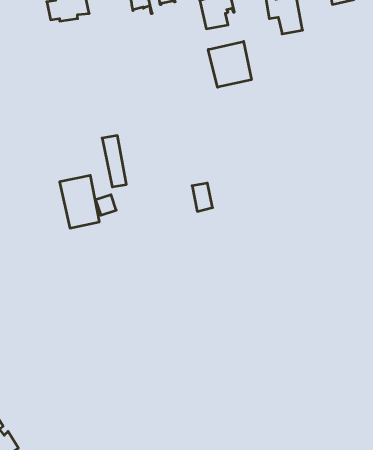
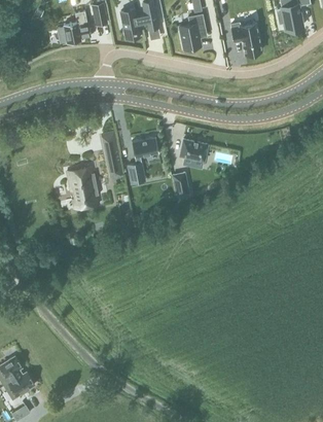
building: [208,41,251,87] -> none
building: none -> [128,137,158,183]
building: none -> [180,139,208,169]

